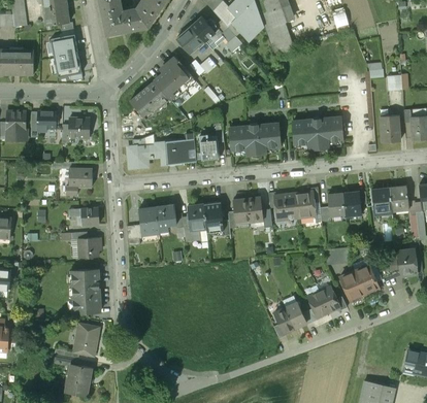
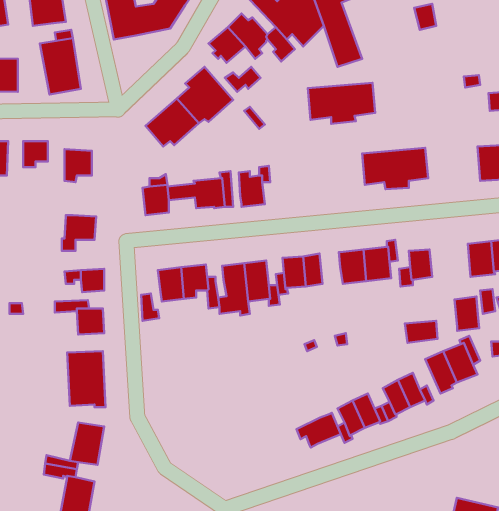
building: [230,124,281,155] -> [308,83,375,124]
building: [343,192,362,217] -> [454,297,479,331]
building: none -> [297,413,341,448]

